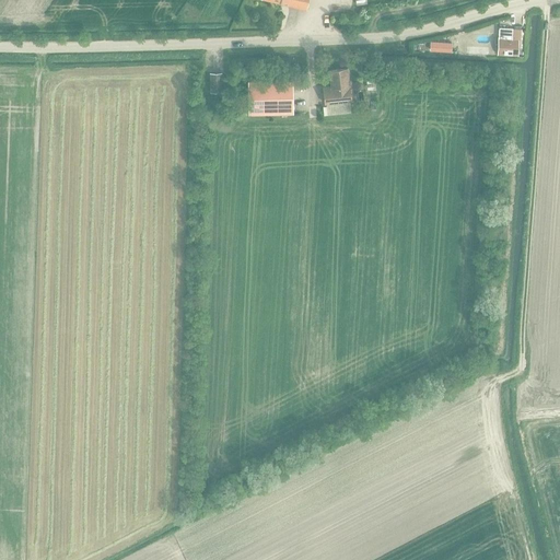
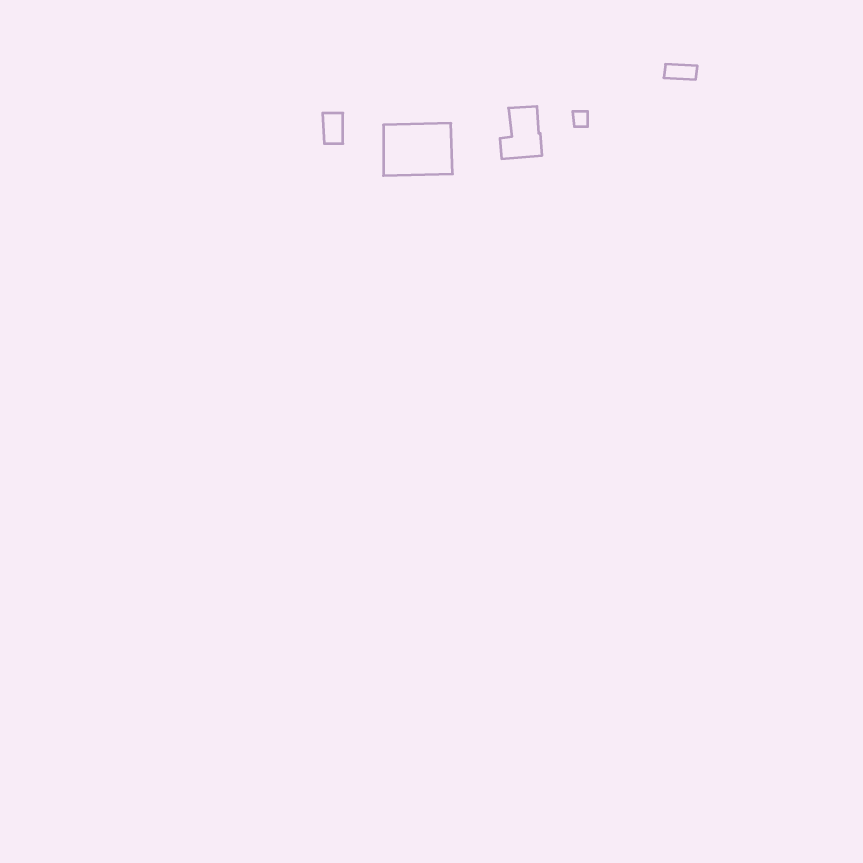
building: [498,27,522,55] -> none

